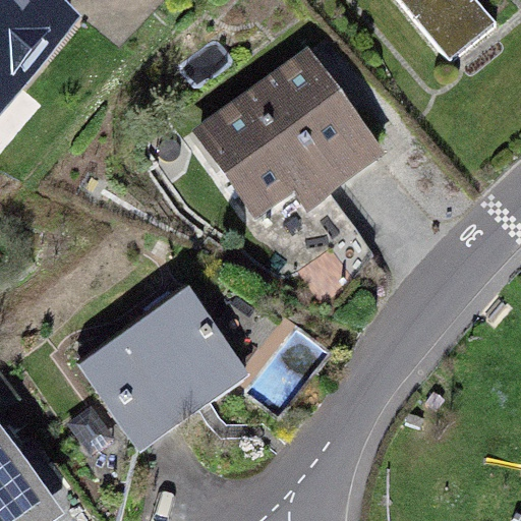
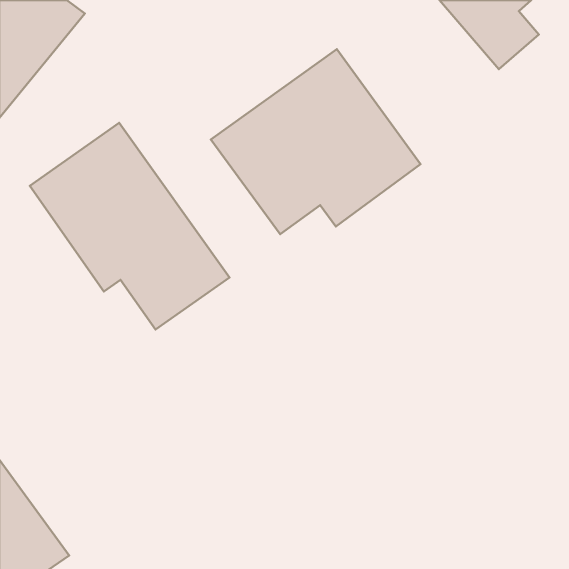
building: none -> [30,123,229,329]
building: [77,288,247,451] -> none

